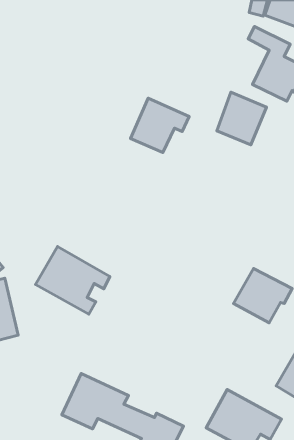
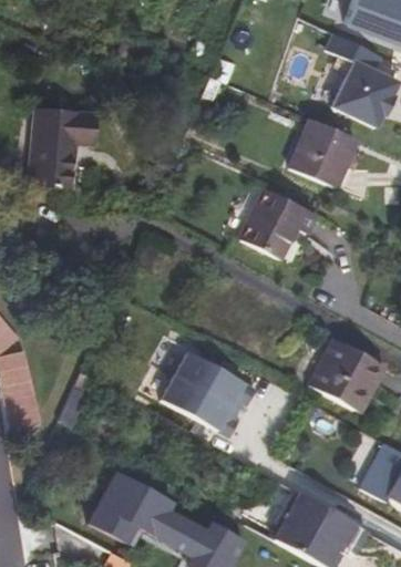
building: none -> [25,111,91,188]
building: [131,98,189,153] -> [243,188,317,257]
building: [35,247,110,314] -> [162,350,256,435]

